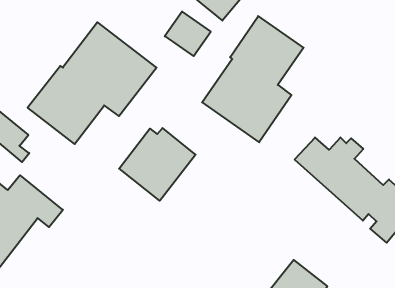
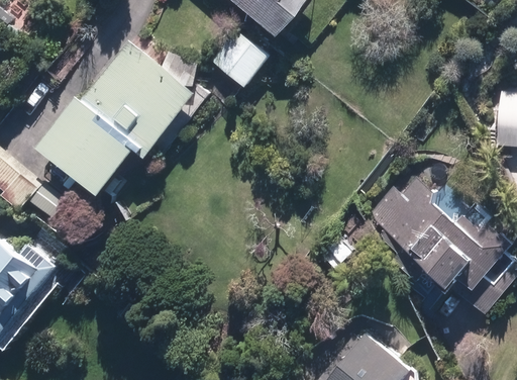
building: [202,16,304,142] -> none
building: [119,128,196,201] -> none

